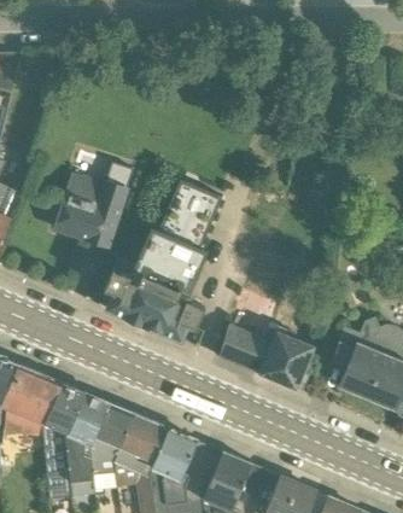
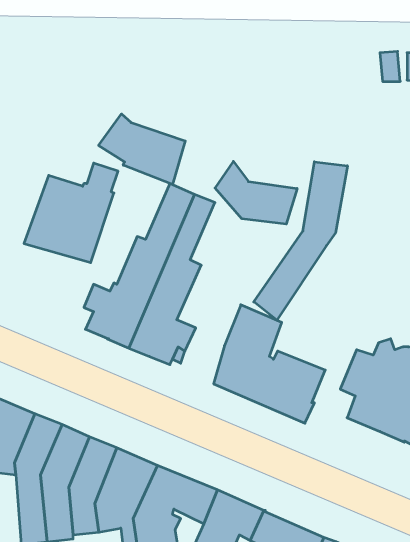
building: none -> [99,114,185,185]
building: none -> [215,161,297,224]
building: none -> [254,162,347,320]

